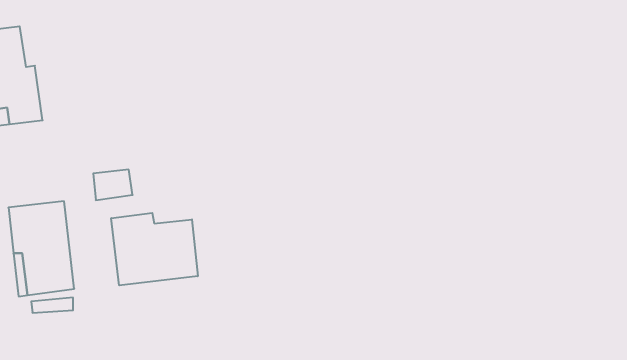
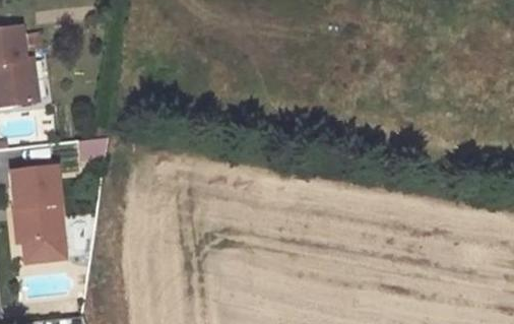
building: [111,213,198,285] -> none

